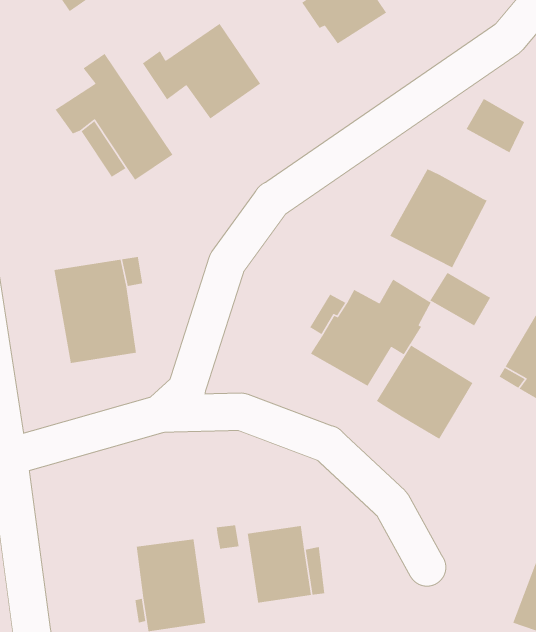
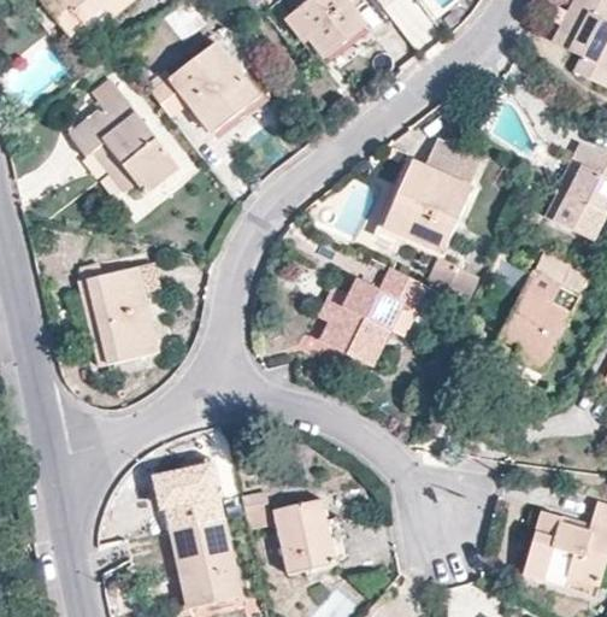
building: [466,98,525,154] -> [425,136,479,186]
building: [376,345,473,440] -> none
building: none -> [157,452,224,528]

